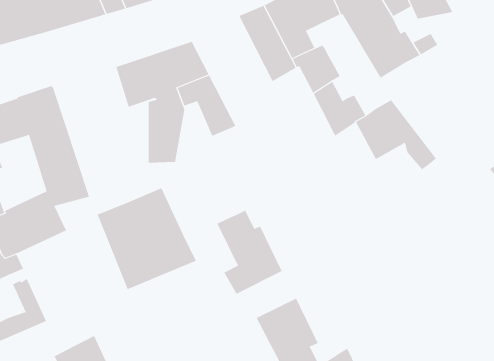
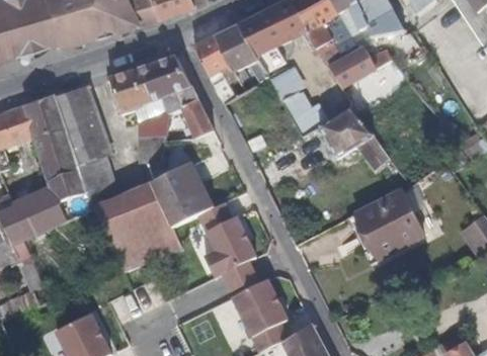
building: none -> [193,33,246,103]
building: none -> [56,85,116,206]
building: none -> [150,164,213,229]
building: none -> [356,190,424,259]

